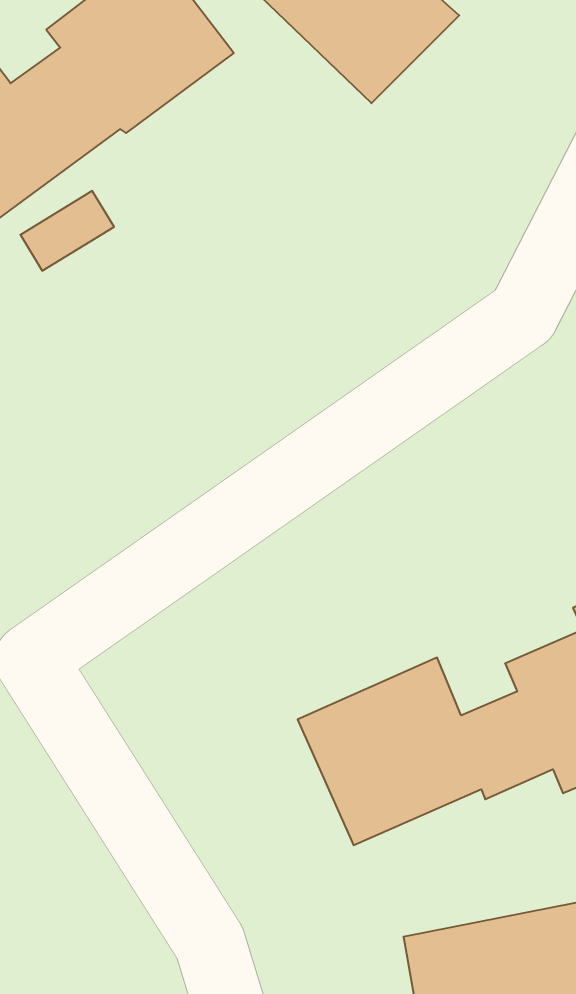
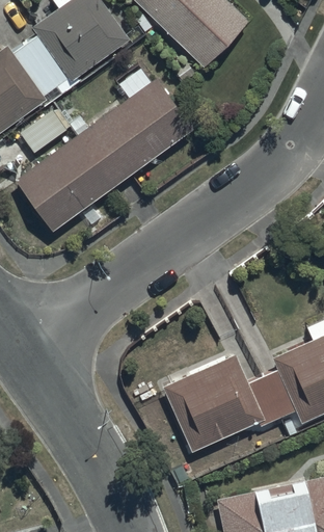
building: none -> [16,68,193,228]

